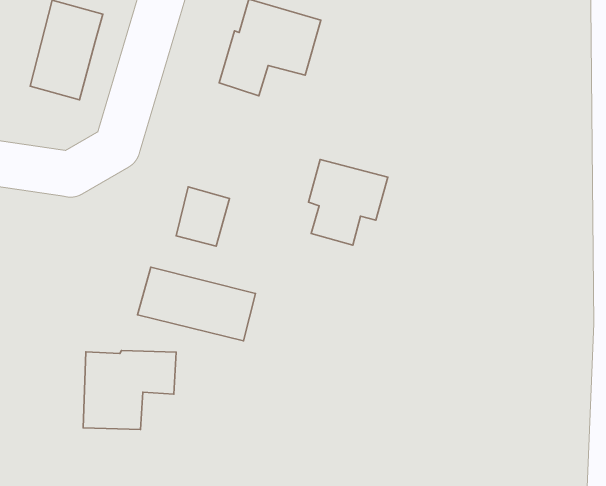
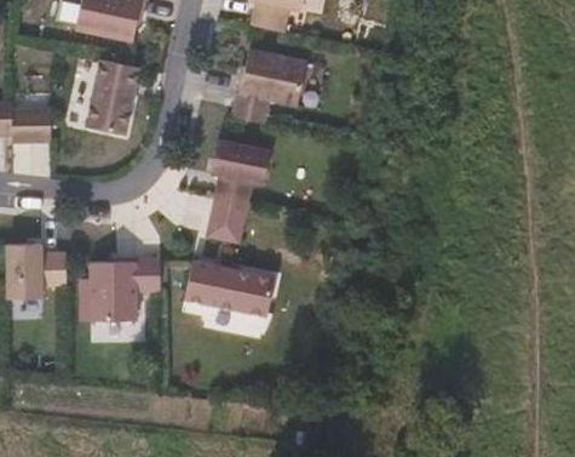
building: [308,159,388,245] -> [209,139,270,205]
building: [83,351,176,429] -> [88,258,159,321]

